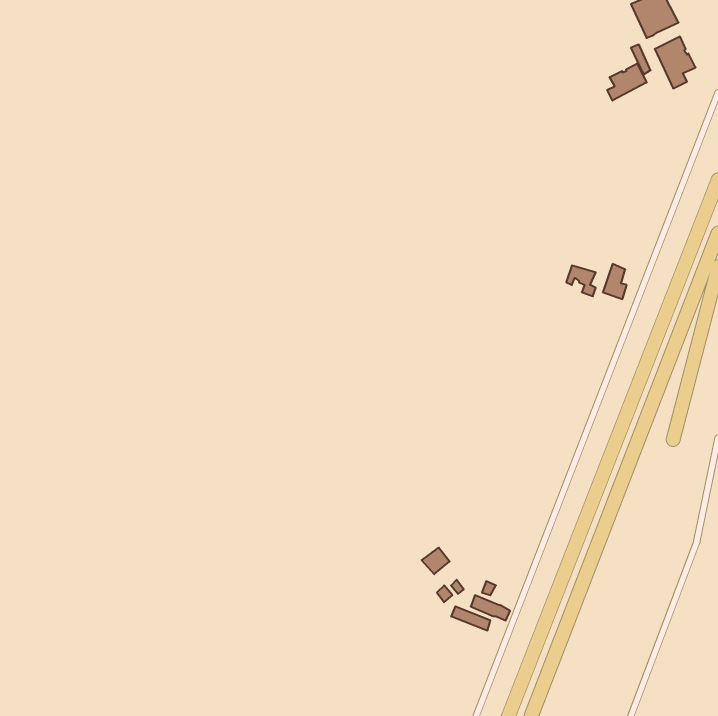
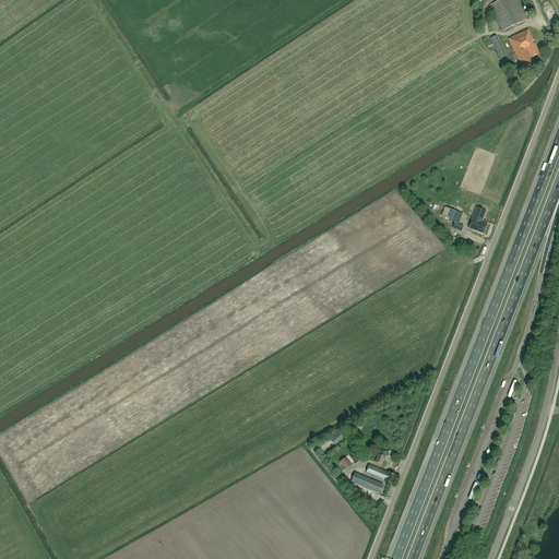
building: [607,63,647,101] -> none

